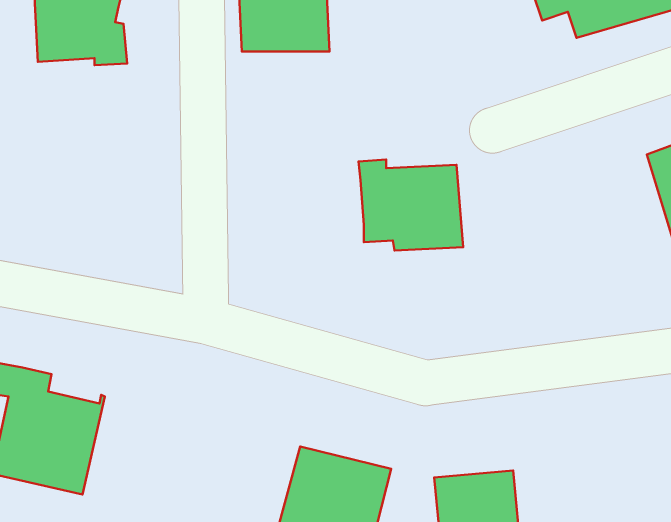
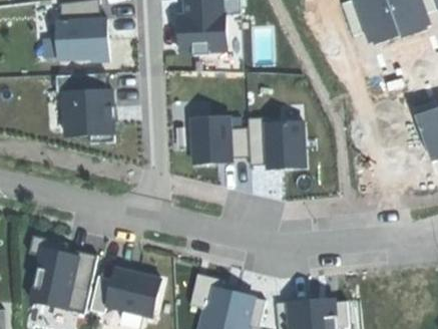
building: none -> [53,72,113,142]
building: none -> [188,114,248,166]
building: none -> [89,268,160,316]

